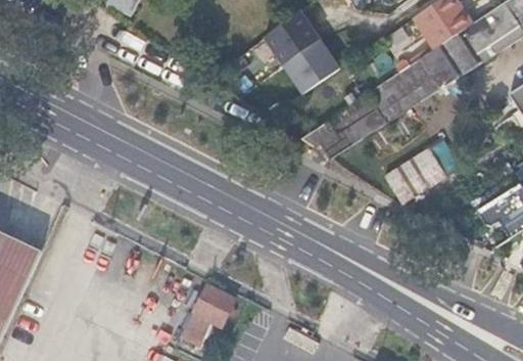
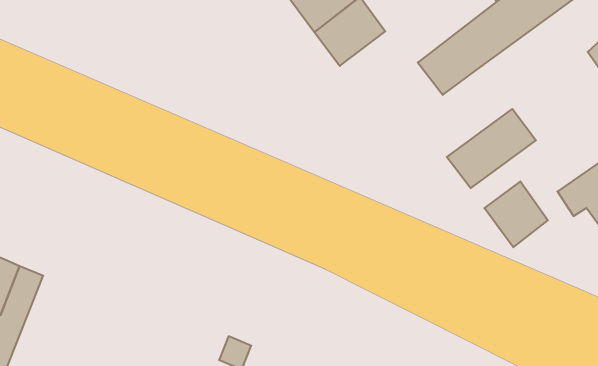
building: [299,94,385,159] -> none
building: none -> [484,181,548,247]
building: [193,285,236,328] -> none

